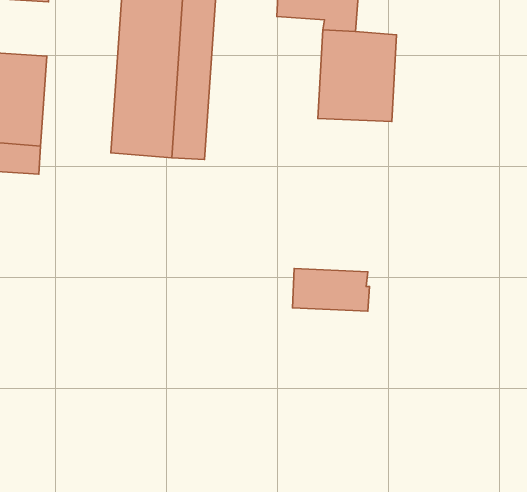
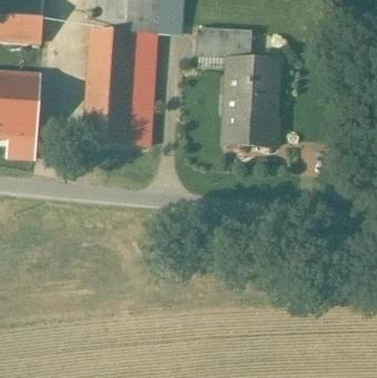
building: [292,268,370,311] -> [225,116,277,145]

